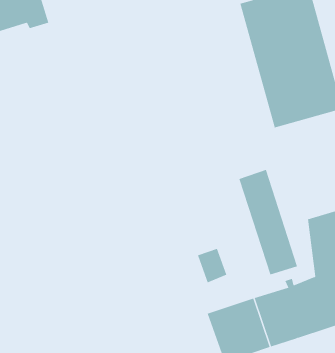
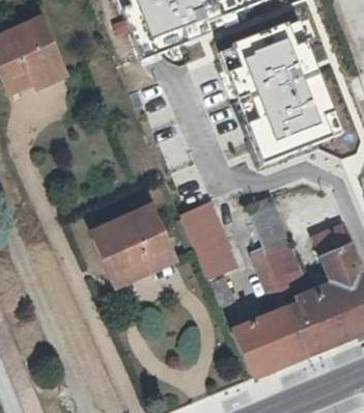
building: none -> [180,199,237,276]
building: none -> [96,212,169,282]

